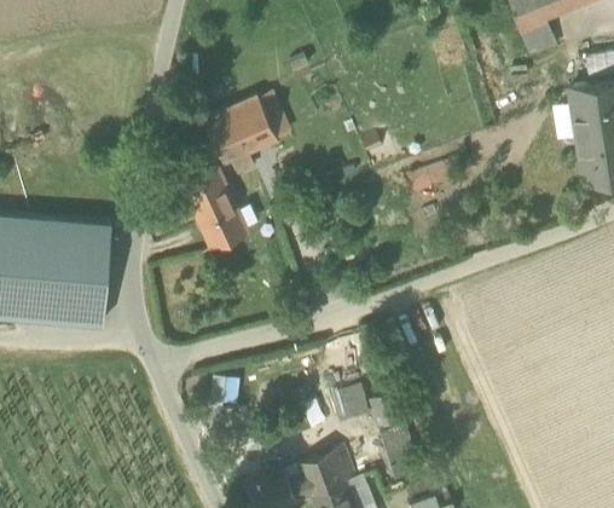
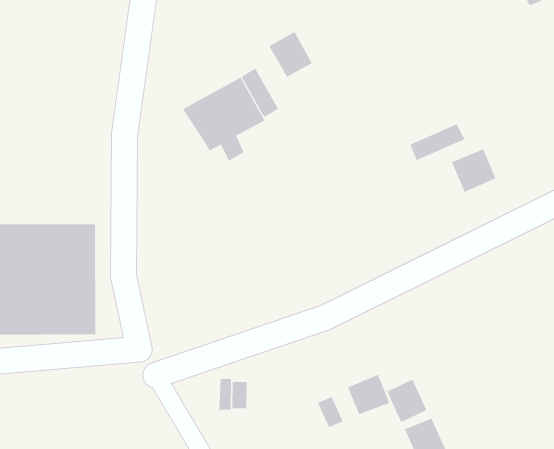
building: none -> [268,31,313,77]
building: [180,168,247,252] -> none
building: none -> [451,148,496,193]

